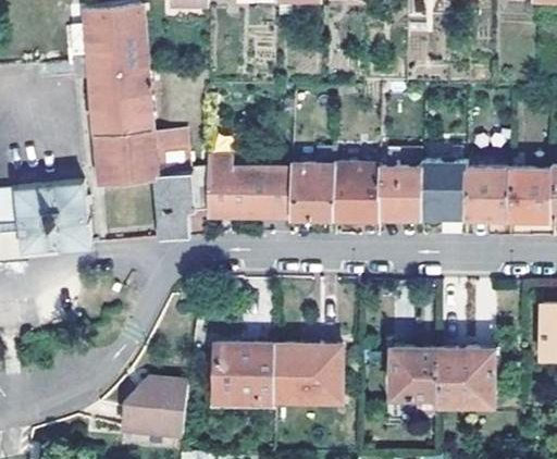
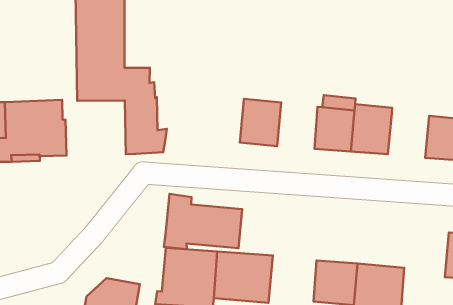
building: [203,157,292,220] -> [164,194,242,249]
building: [334,163,379,216] -> none
building: [463,168,508,216] -> none

